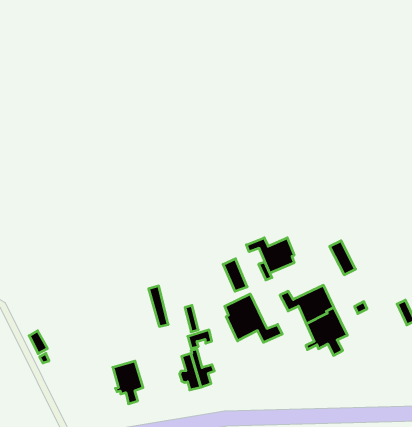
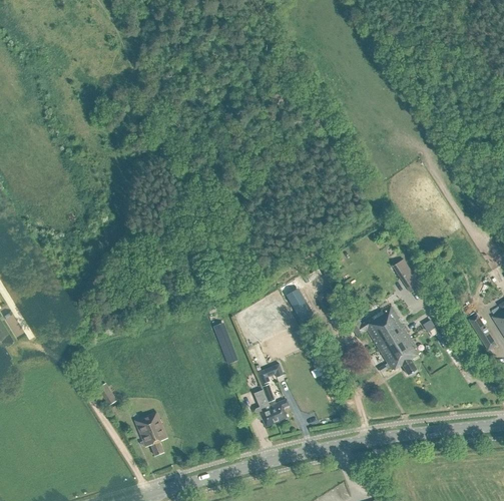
building: [246,238,294,273] -> none
building: [225,294,282,342] -> none
building: [113,361,143,404] -> [134,411,167,455]

